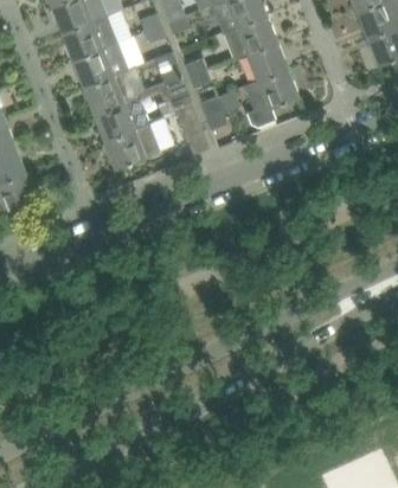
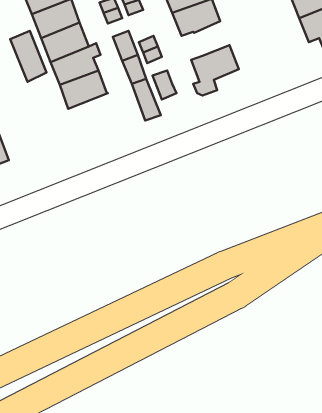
building: [246,40,287,79] -> none
building: none -> [10,31,46,82]
building: [103,122,159,167] -> none

